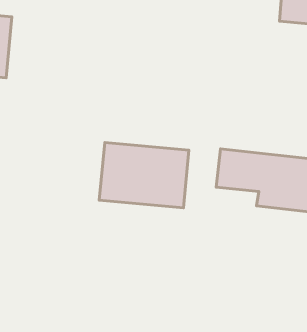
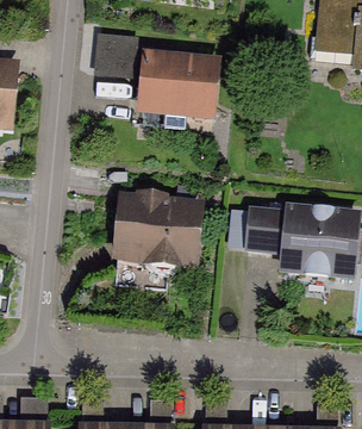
building: none -> [133,50,220,120]

